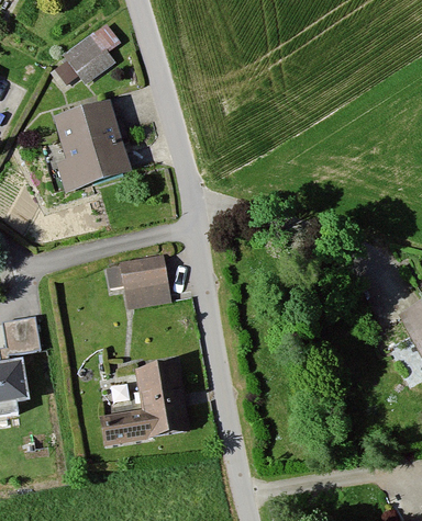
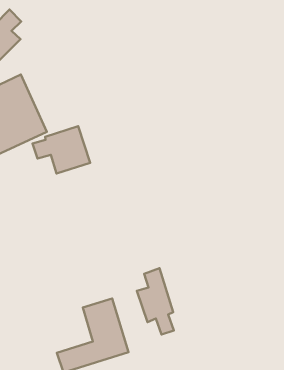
building: [108,257,169,306] -> [32,126,90,174]
building: none -> [137,268,174,335]

